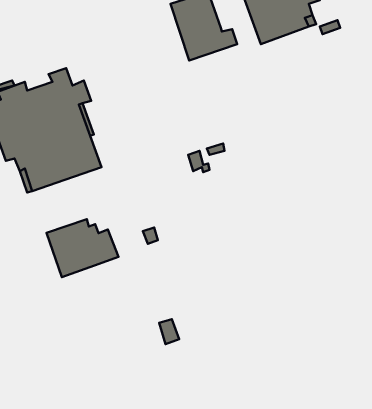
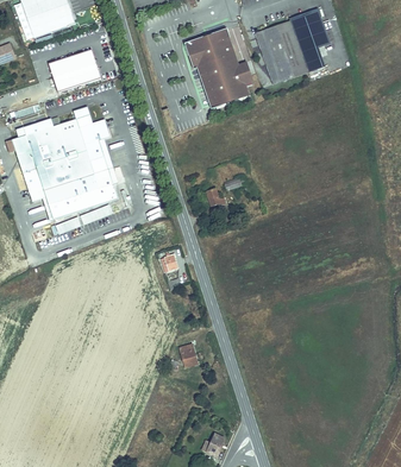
building: none -> [48,49,100,91]
building: [47,219,118,277] -> none

